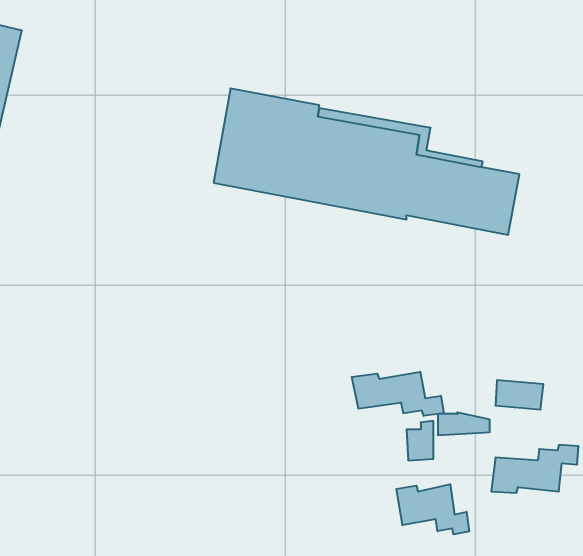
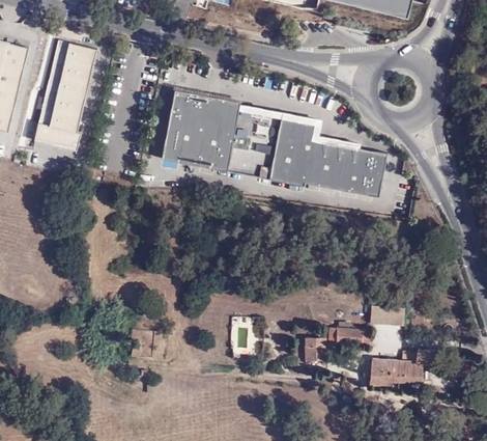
building: none -> [31,38,94,150]
building: [352,372,444,416] -> none
building: [396,484,469,534] -> none

